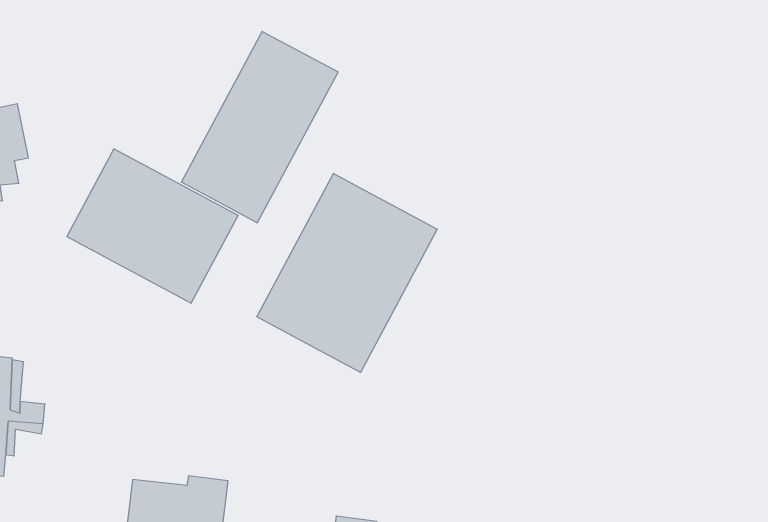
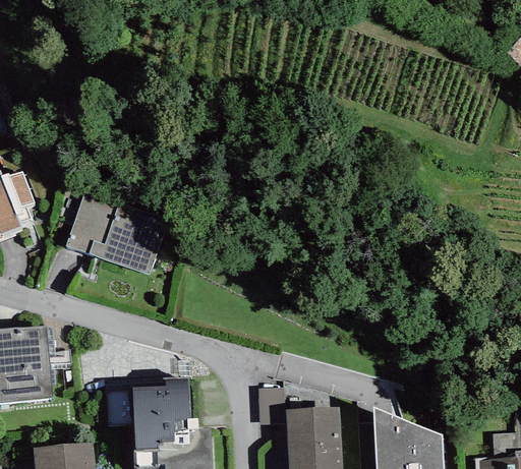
building: [181,31,338,223] -> none
building: [257,173,437,372] -> none

